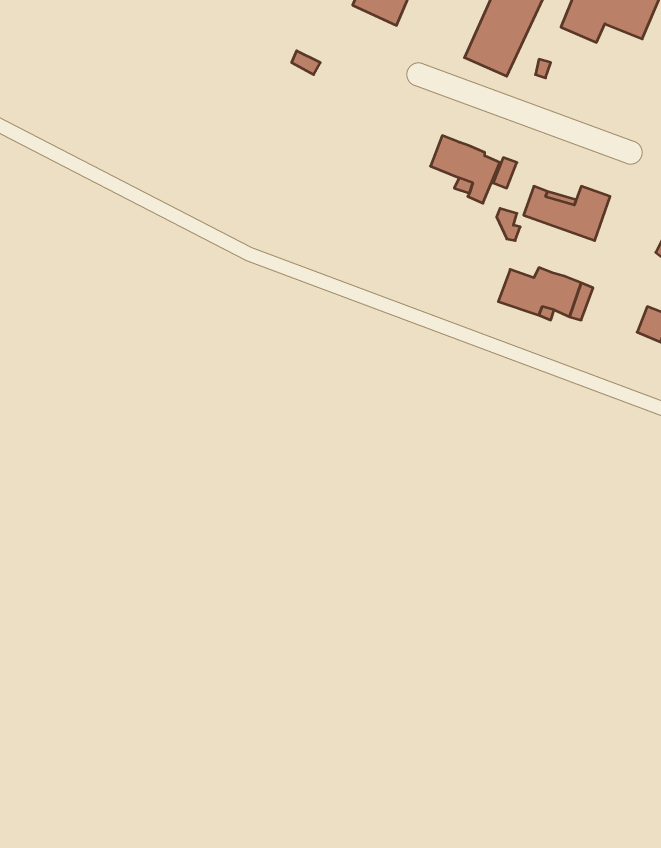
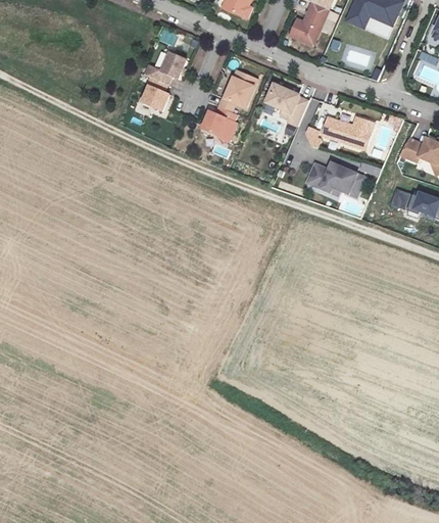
building: none -> [139,50,188,112]
building: none -> [199,67,259,142]

